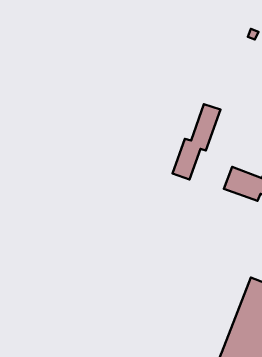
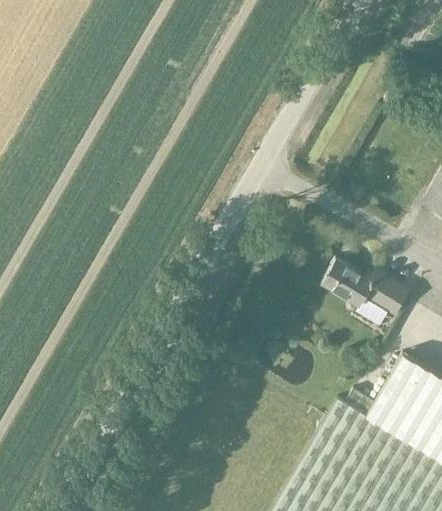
building: [173,104,221,180] -> none

